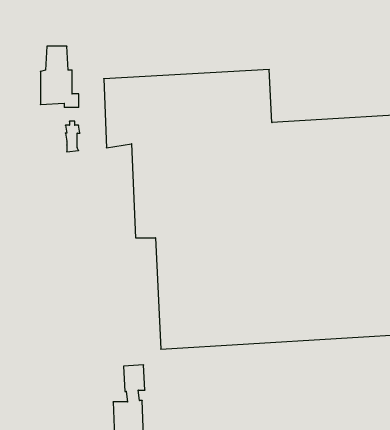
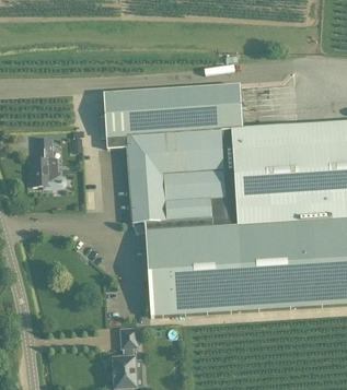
building: [40,46,79,107] -> [31,137,62,187]

